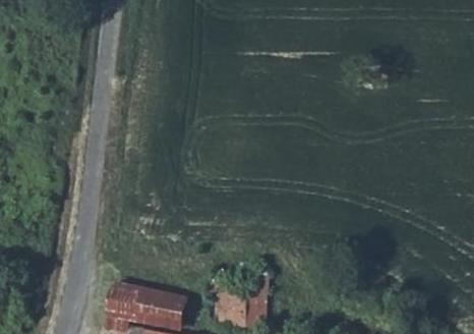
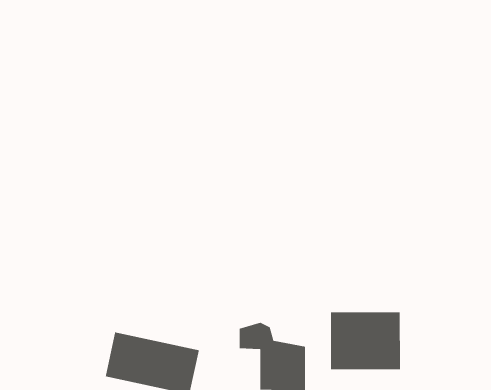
building: none -> [330,311,401,370]

